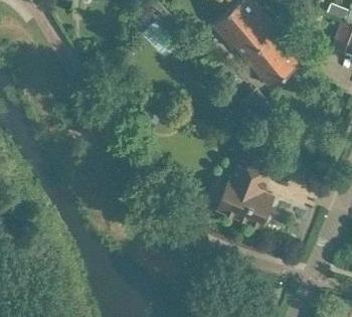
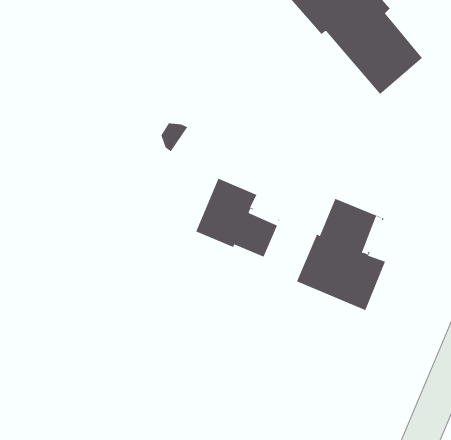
building: none -> [196,178,280,258]

